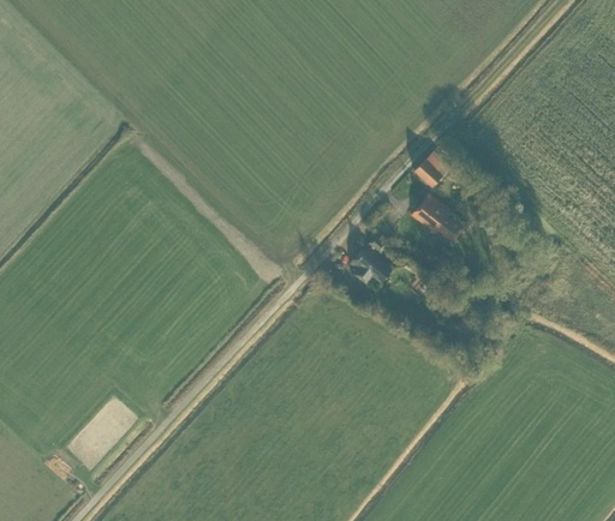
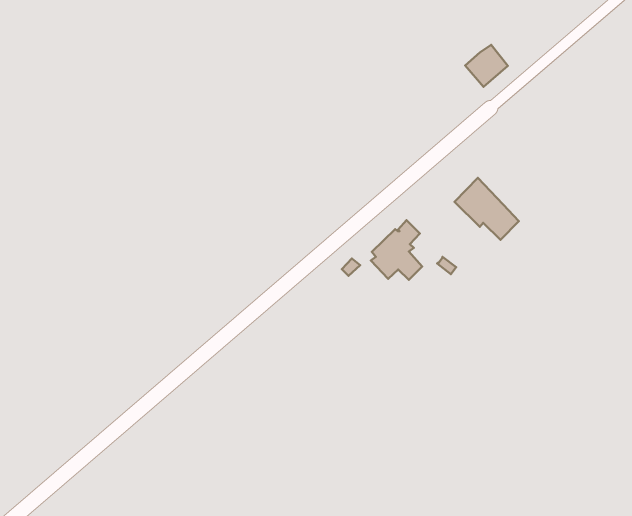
building: [413,154,448,188] -> [465,45,508,87]

